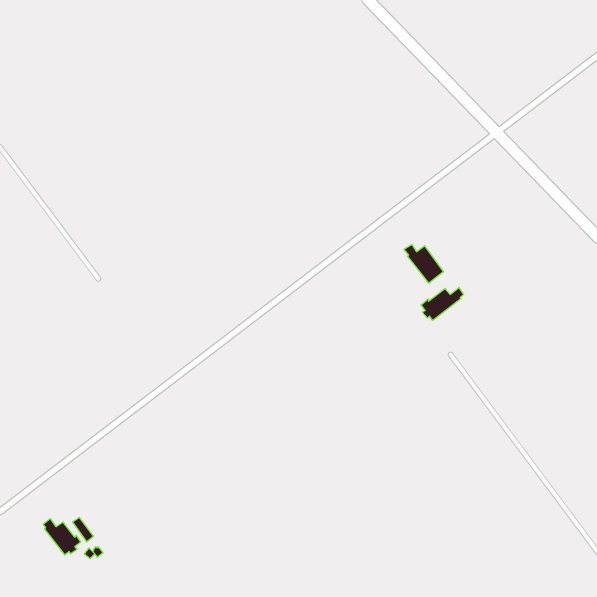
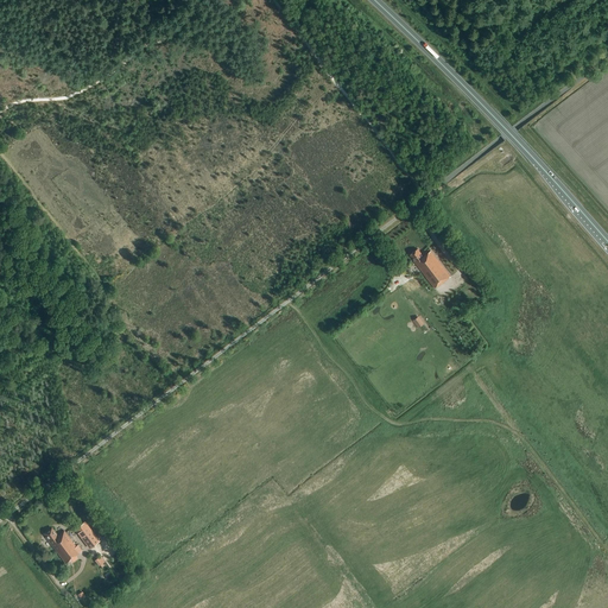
building: [421,287,464,320] -> none

